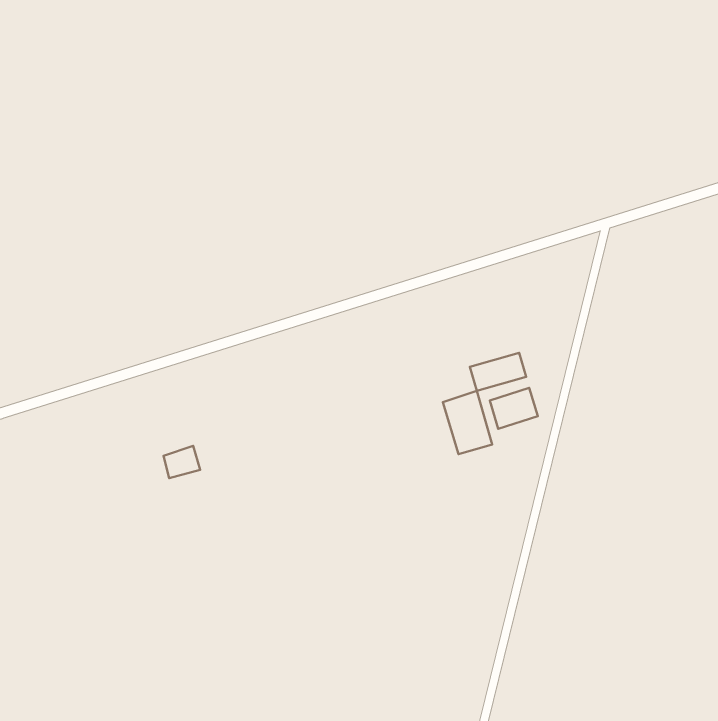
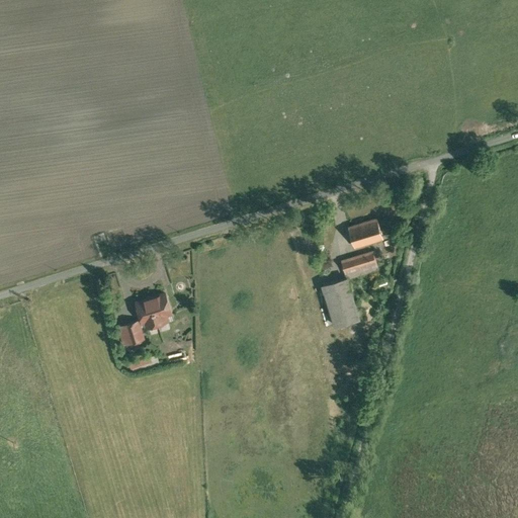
building: [490,388,538,429] -> [351,218,385,247]
building: none -> [139,292,173,326]

